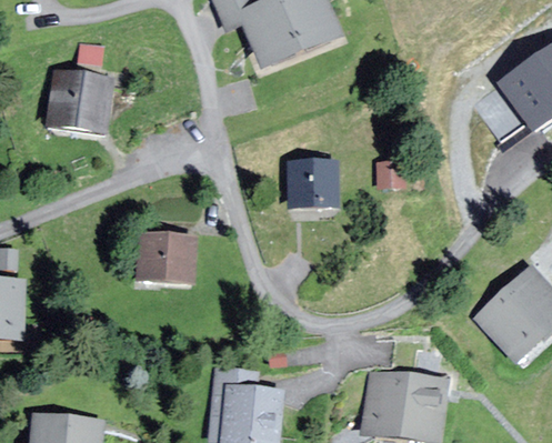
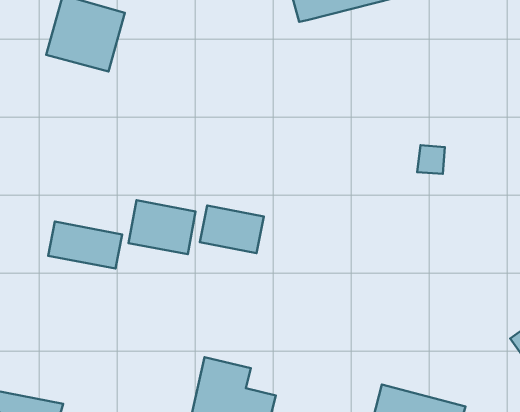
building: [288,161,340,205] -> none
building: none -> [200,206,264,253]
building: none -> [48,222,122,269]

